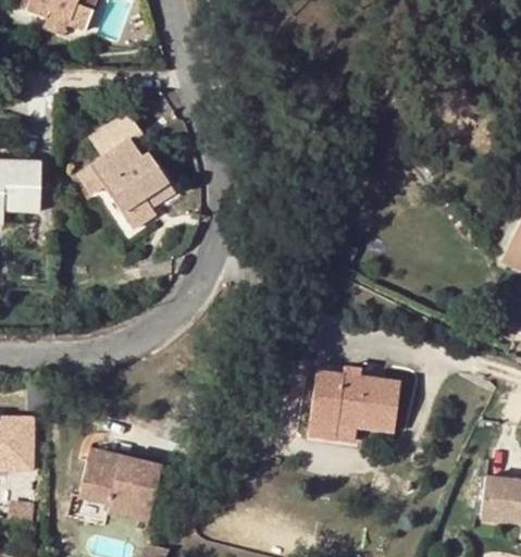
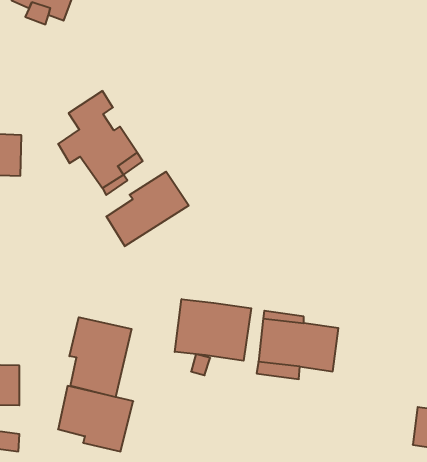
building: none -> [106,172,189,246]
building: none -> [175,299,251,361]
building: none -> [69,317,132,397]

